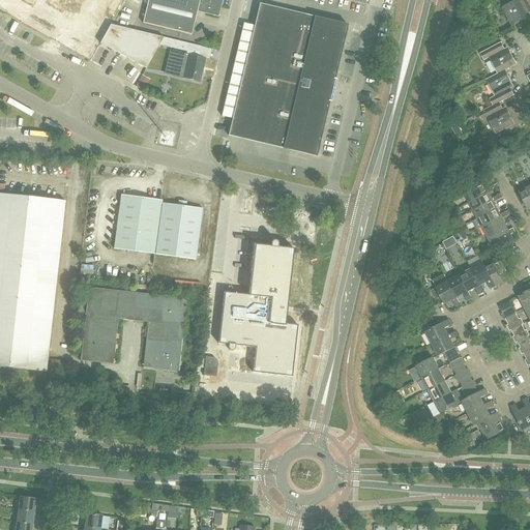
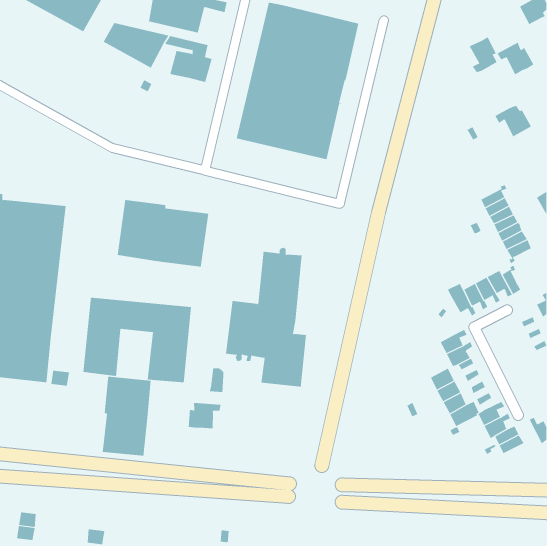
building: [485,68,513,104] -> [469,36,498,73]
building: none -> [102,376,151,456]
building: none -> [188,402,221,429]

